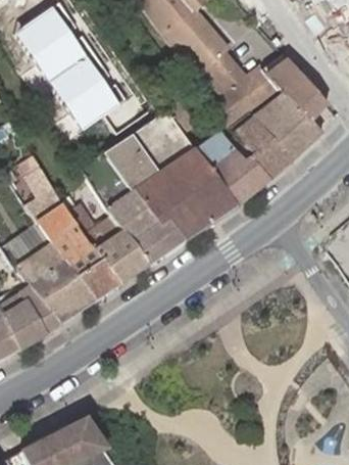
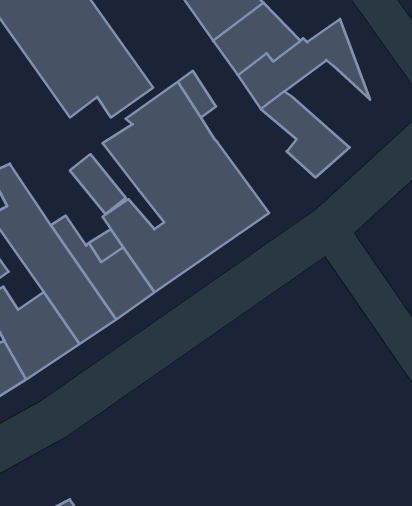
building: [251,94,321,155] -> none
building: [193,130,268,204] -> none

